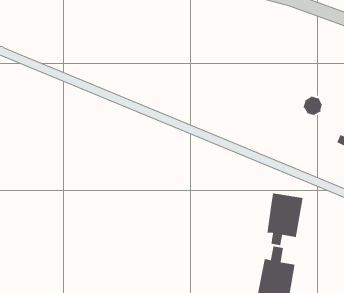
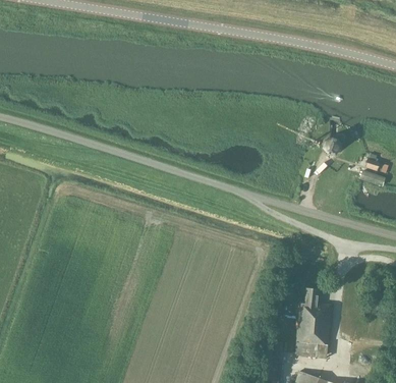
building: [266,193,304,246] -> none

